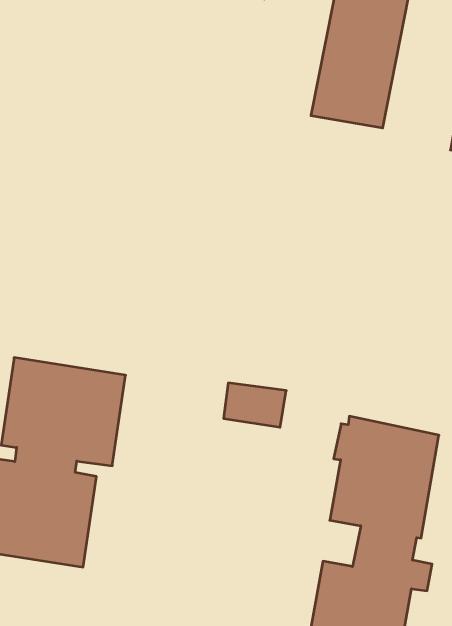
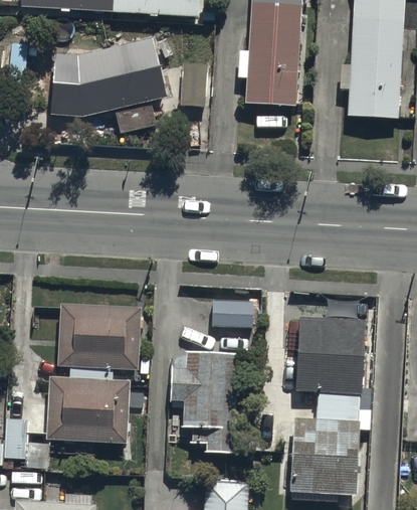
building: none -> [53,45,170,127]
building: none -> [173,348,239,450]

